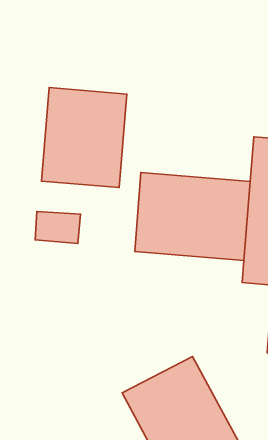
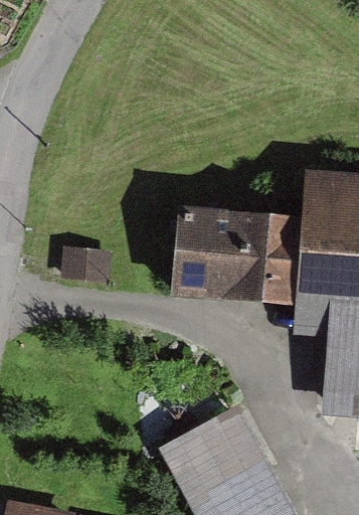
building: [41,88,127,187] -> none

